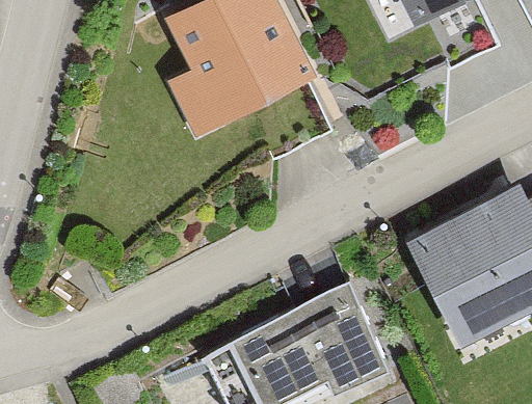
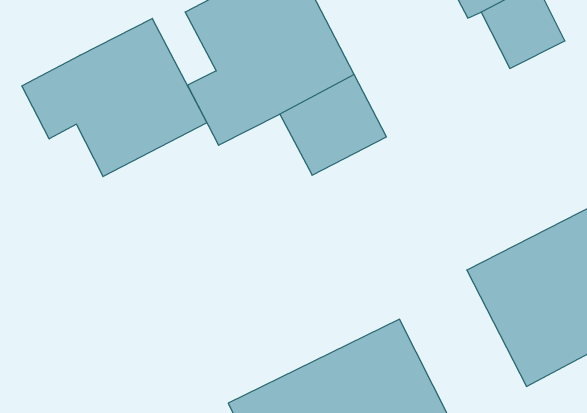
building: none -> [22,18,207,177]

